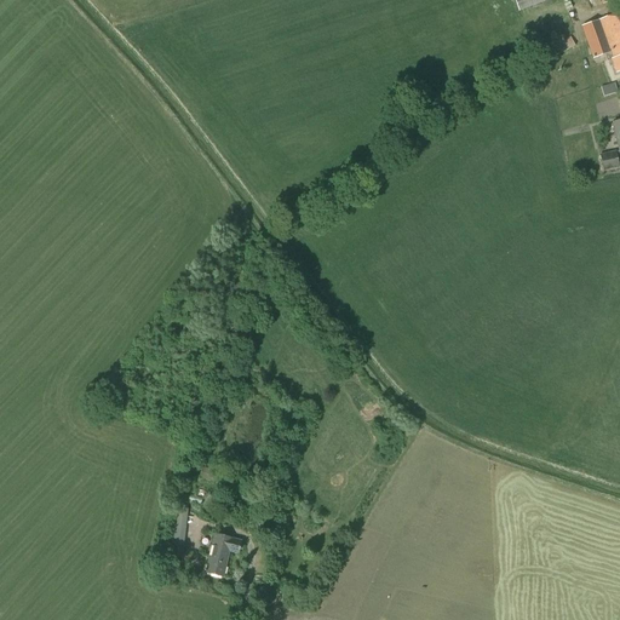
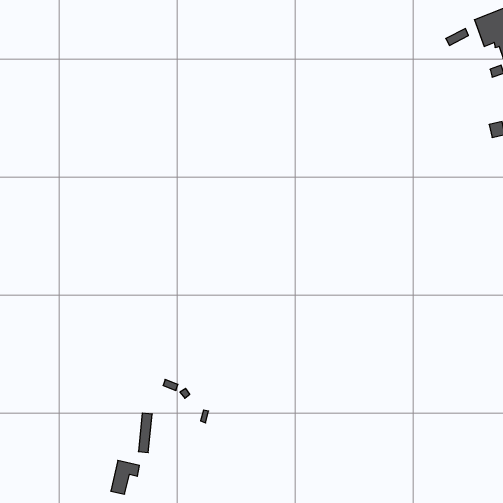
building: [208,533,243,574] -> [111,460,139,494]

